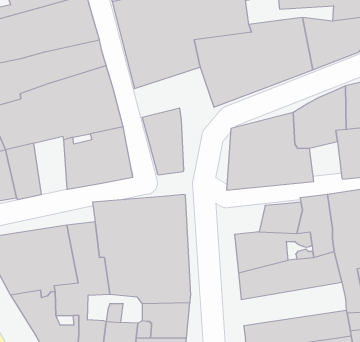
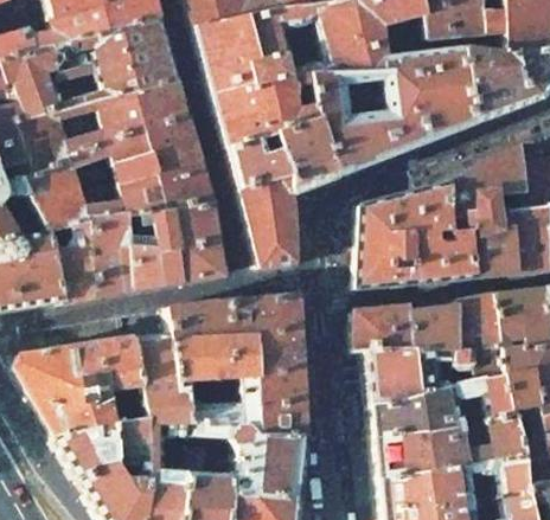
building: none -> [228,117,338,191]
building: none -> [88,213,134,294]
building: none -> [471,220,516,276]
building: none -> [354,304,410,351]
building: none -> [376,416,522,476]

